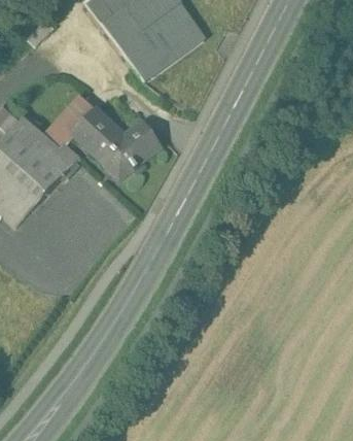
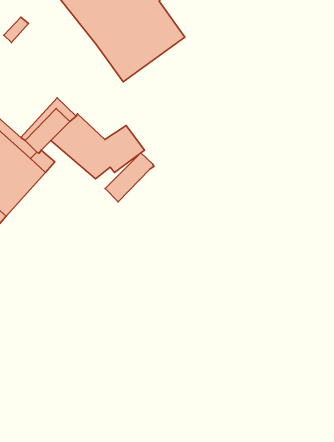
building: none -> [105,153,154,202]

